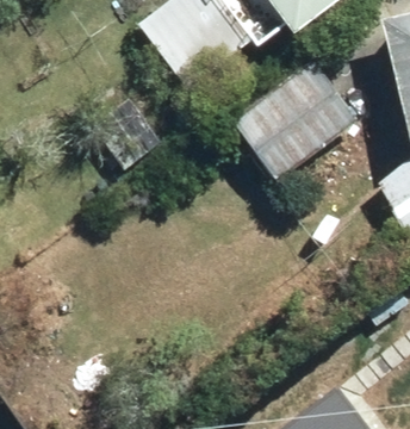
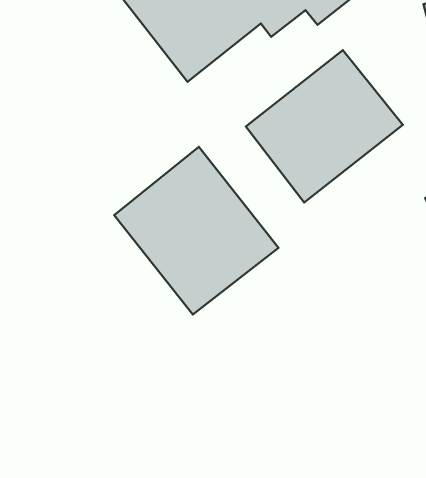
building: none -> [114,147,278,314]

